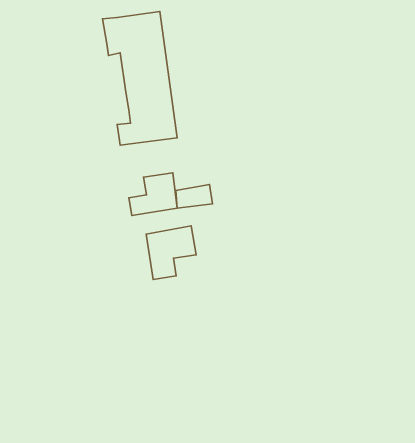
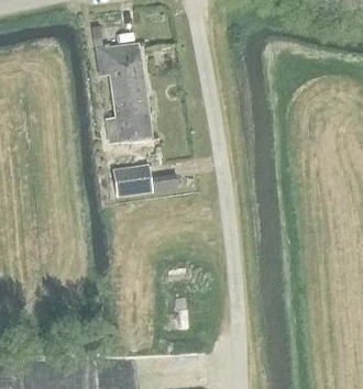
building: [146,226,196,279] -> none

